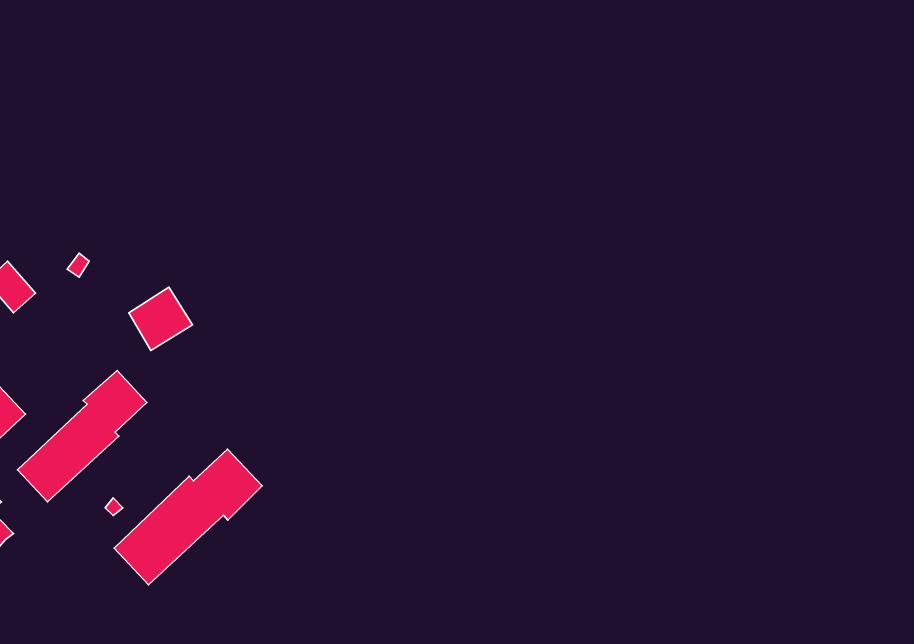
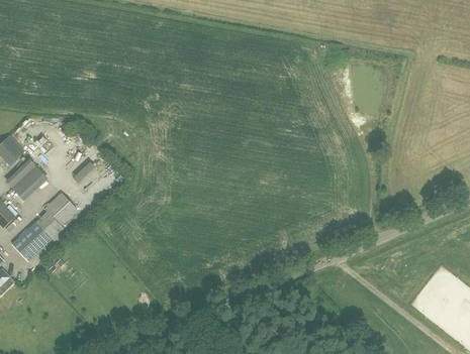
building: none -> [11,164,49,200]
building: [114,449,262,585] -> none

